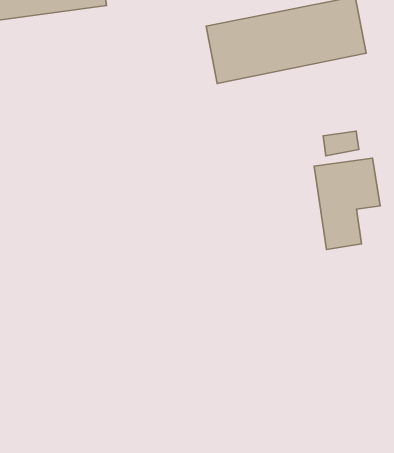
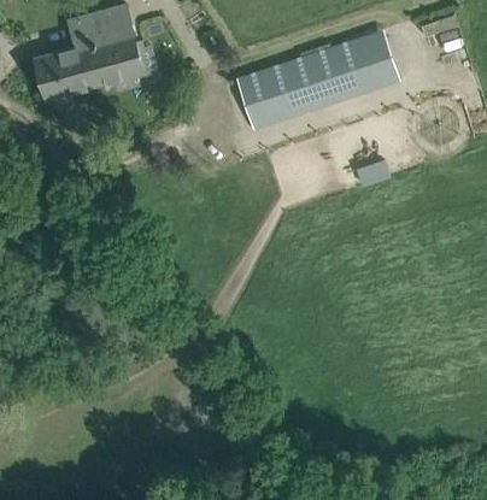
building: [314,158,380,250] -> none

